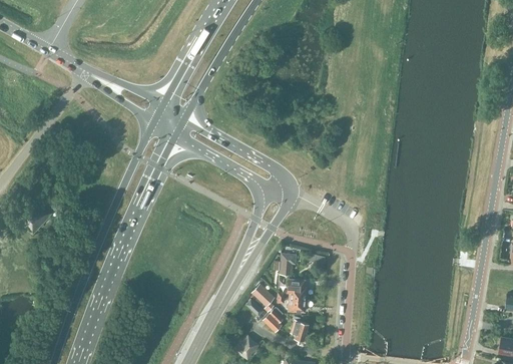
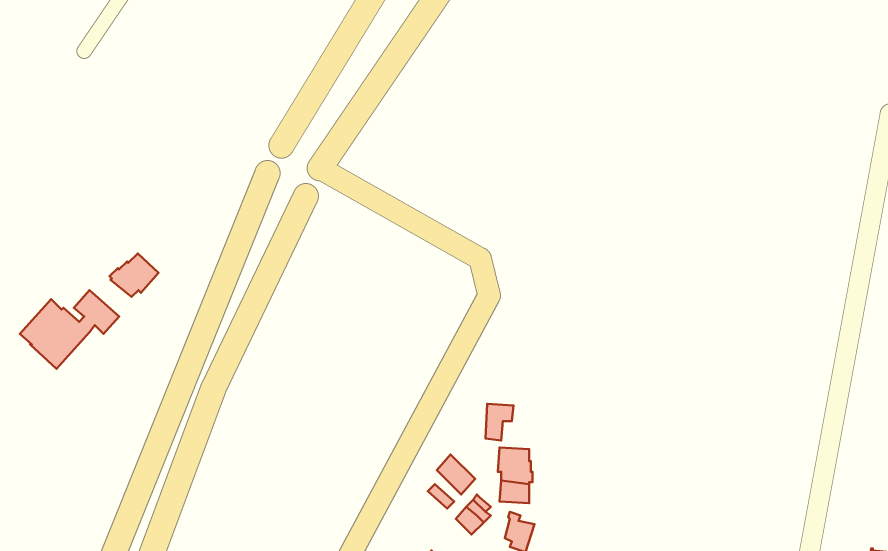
building: none -> [109,253,159,297]

